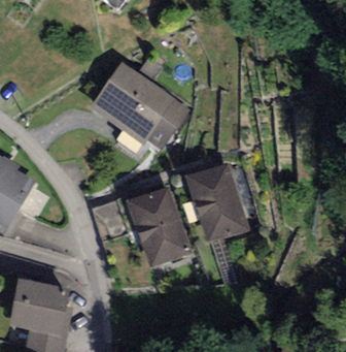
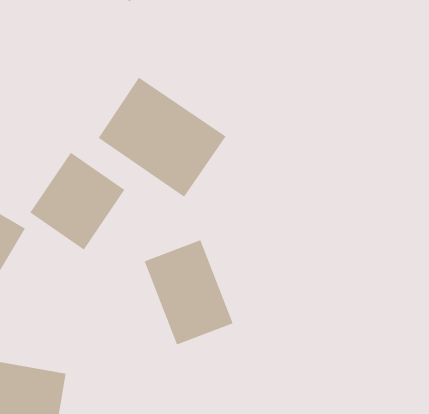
building: none -> [29,152,125,251]
building: [186,162,250,242] -> none

